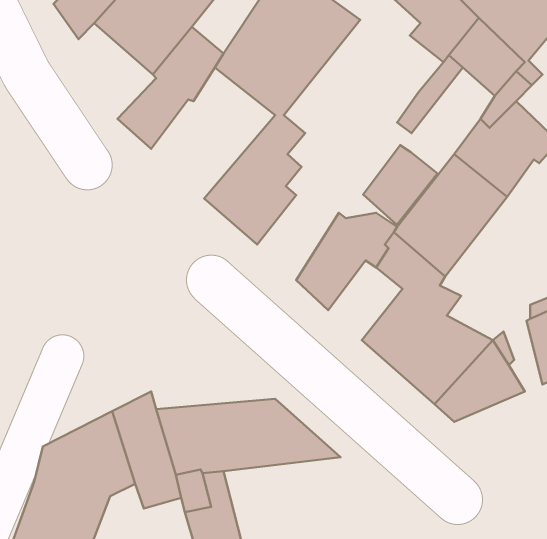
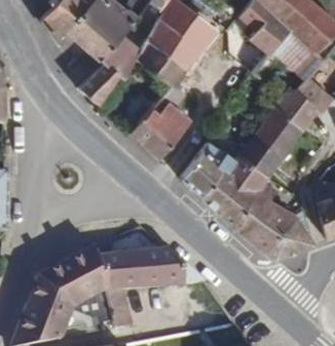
building: [363,145,438,225] -> [201,166,245,213]

